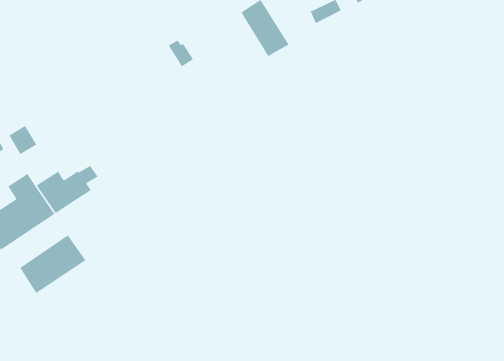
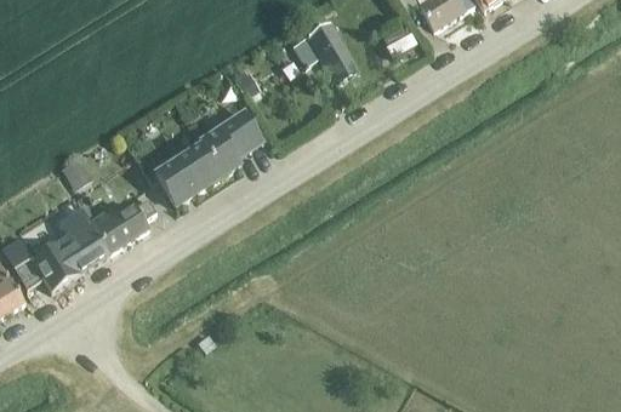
building: none -> [154,113,262,206]
building: [20,235,86,294] -> none

